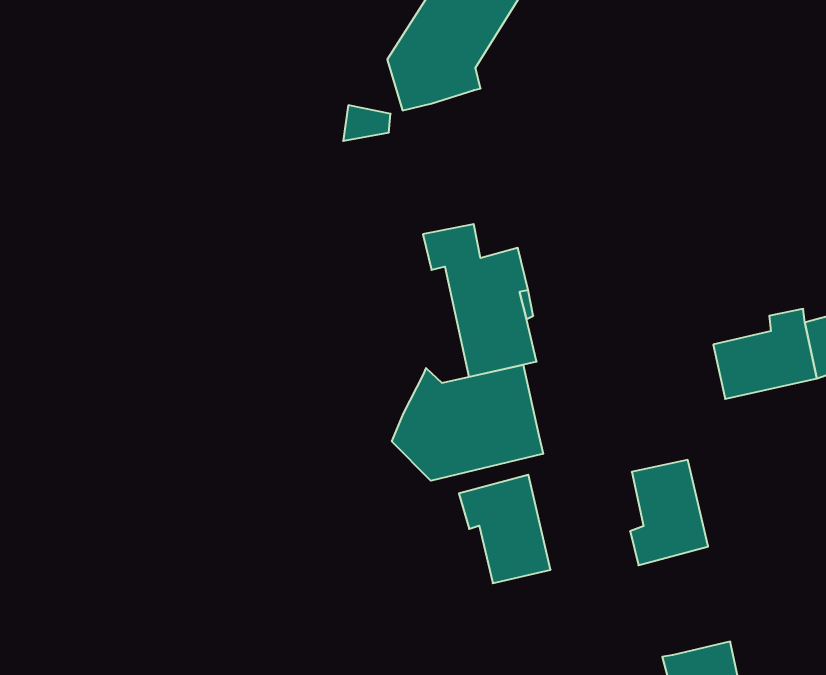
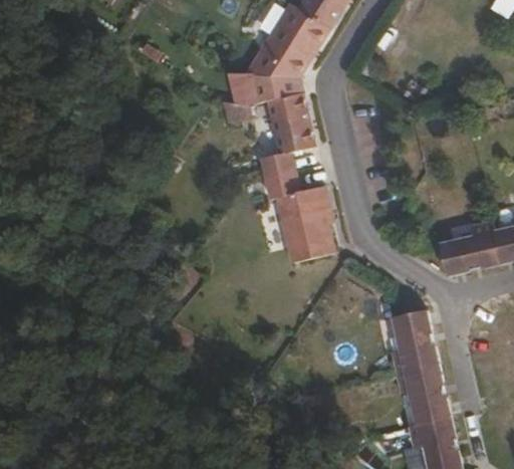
building: none -> [263,90,313,177]
building: [392,365,543,481] -> none
building: [459,475,551,583] -> [395,362,449,426]

